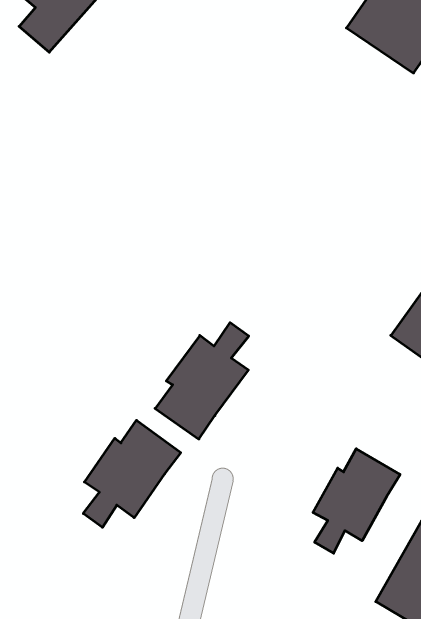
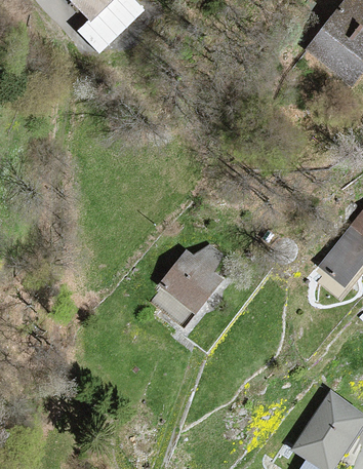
building: [83,420,181,527] -> none
building: [313,449,400,553] -> none

